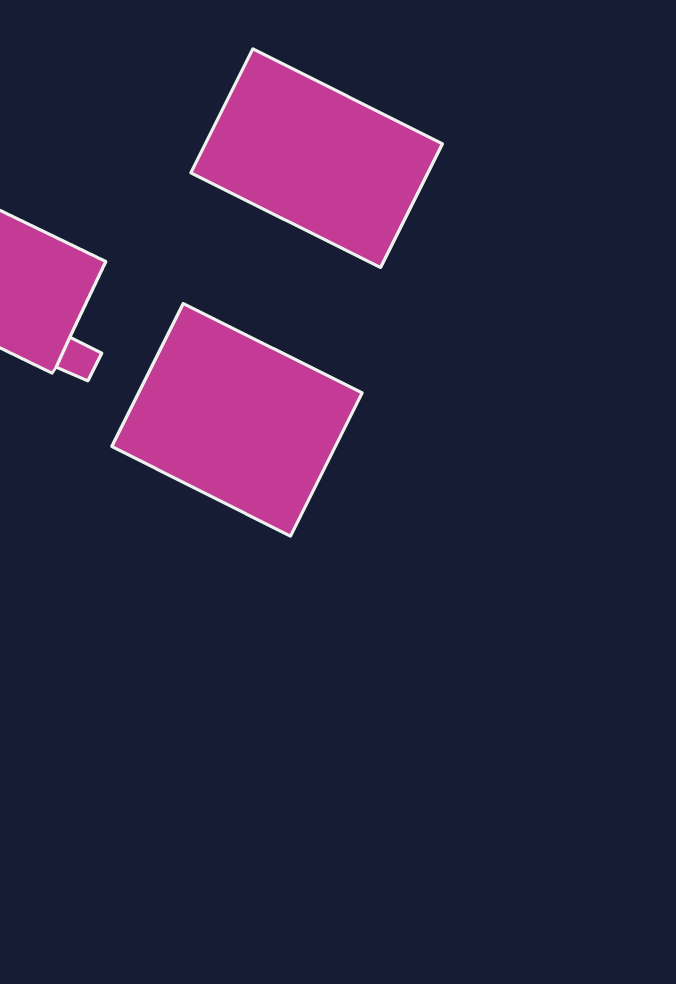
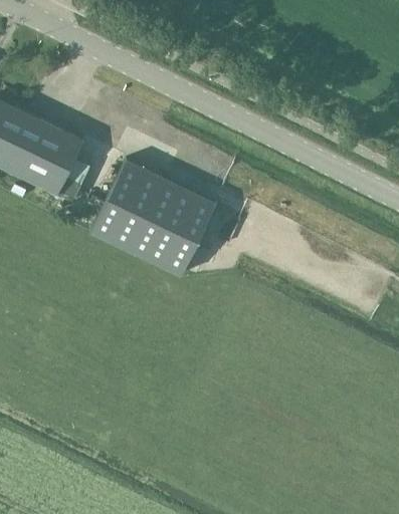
building: [191,49,443,268] -> none

